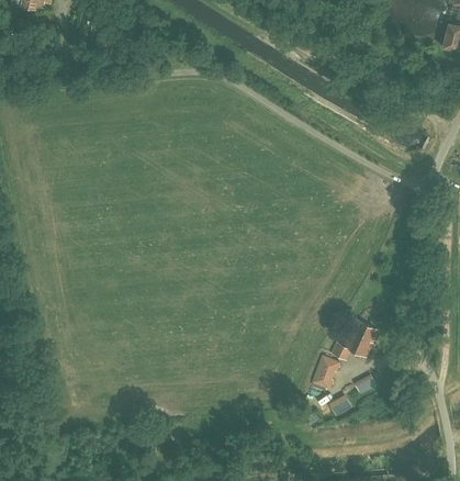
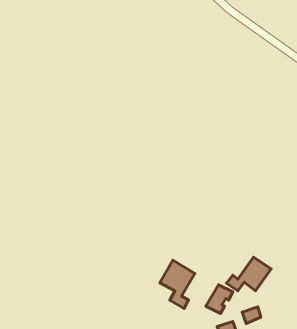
building: none -> [160,260,195,309]

